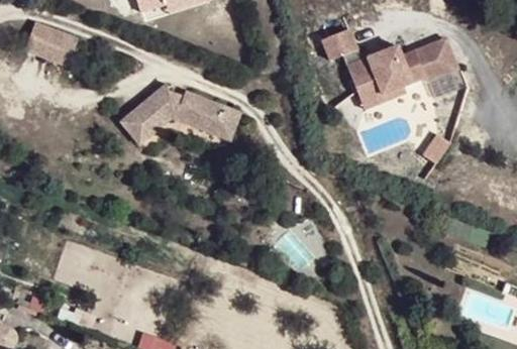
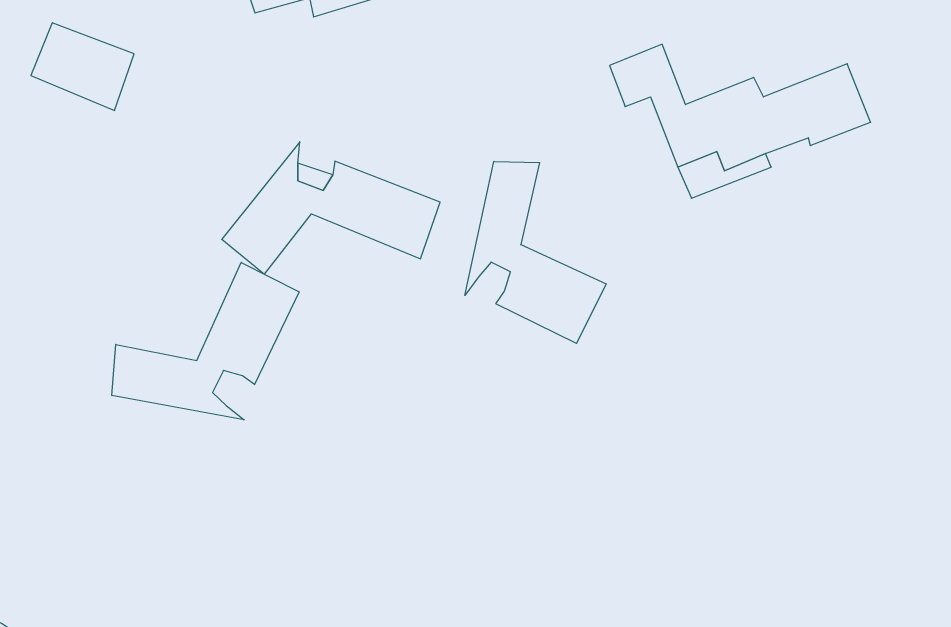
building: none -> [465,161,606,343]
building: none -> [112,262,299,420]

